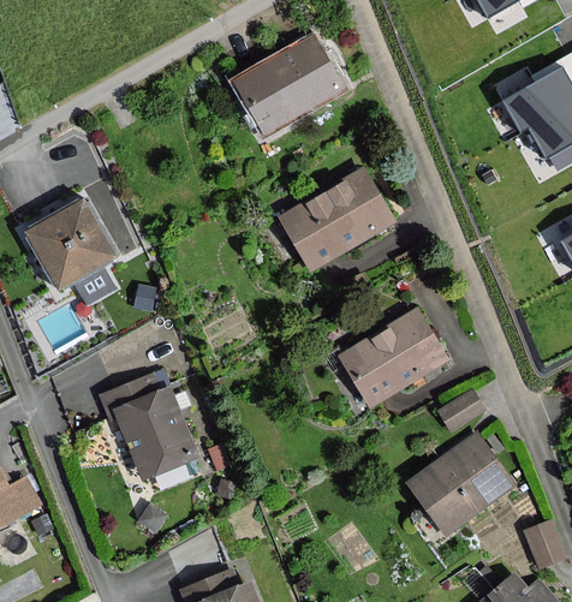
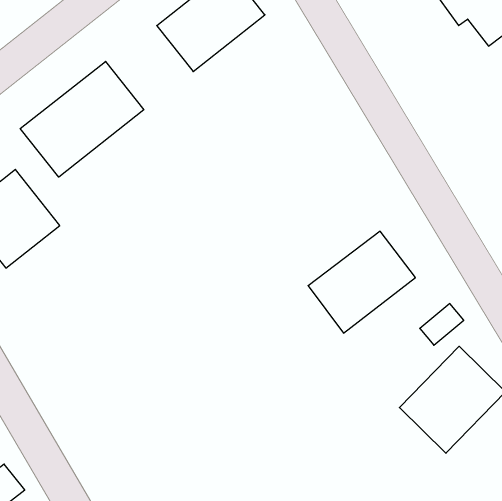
building: none -> [20,61,144,177]
building: [280,172,392,269] -> none
building: [100,375,196,481] -> none

